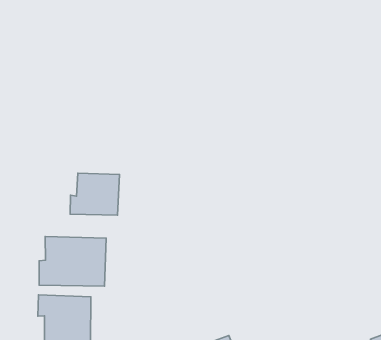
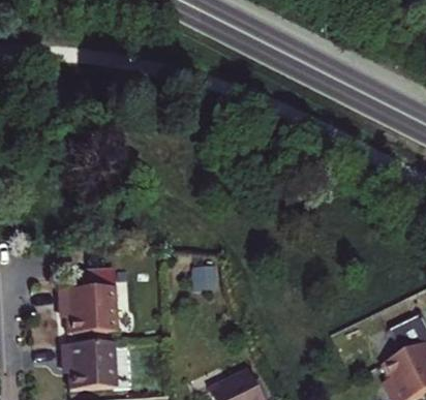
building: [70,173,120,215] -> none

